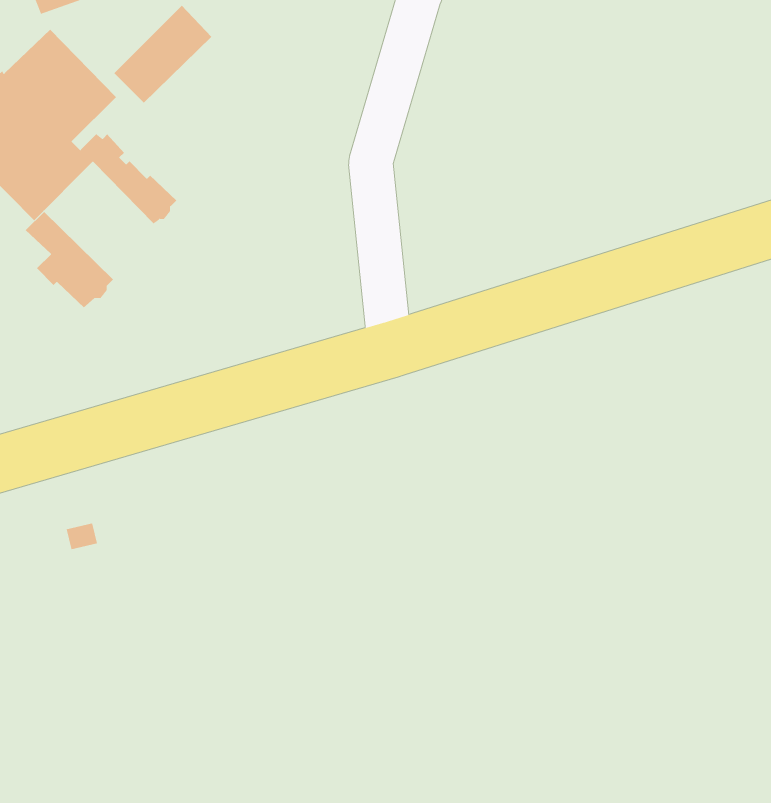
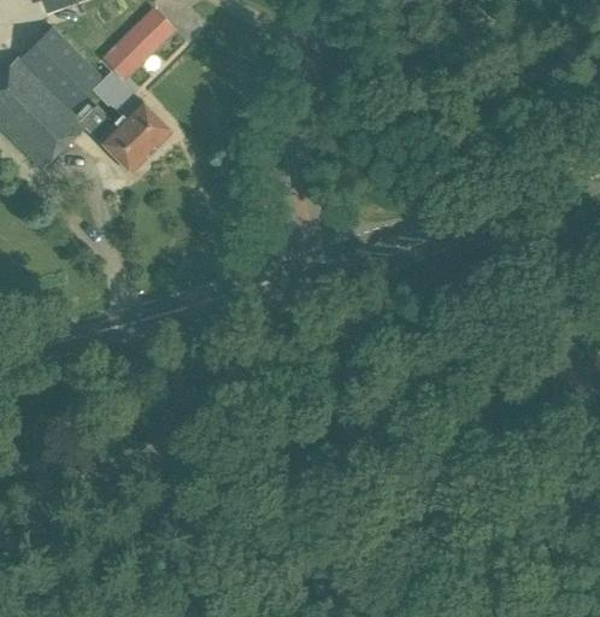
building: [25,211,114,308] -> [104,81,171,154]

